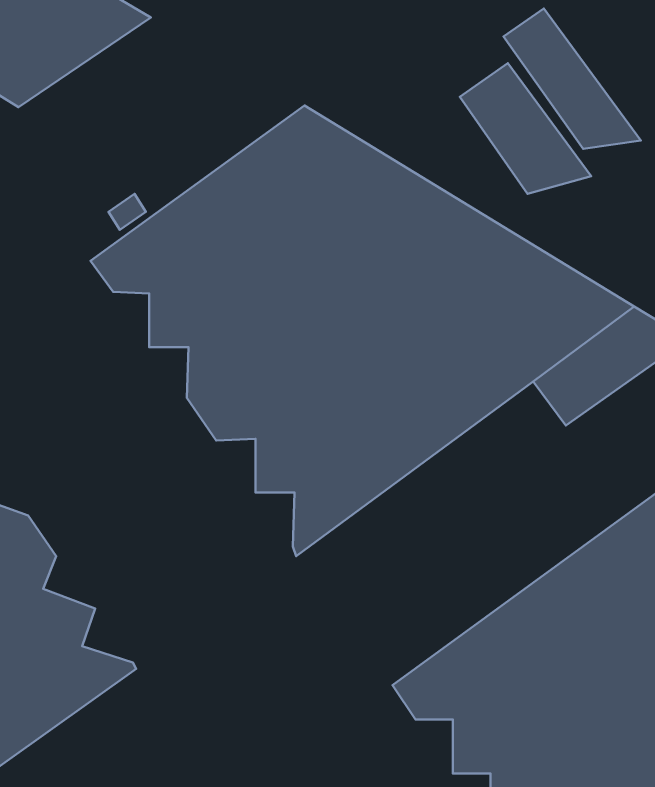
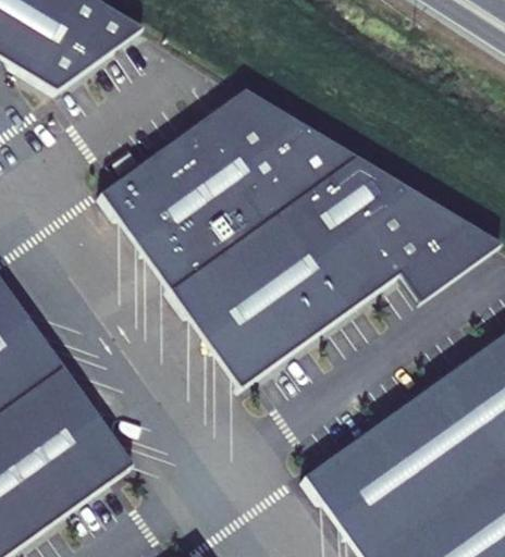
building: [504,9,641,149] -> none
building: [460,63,591,194] -> none

